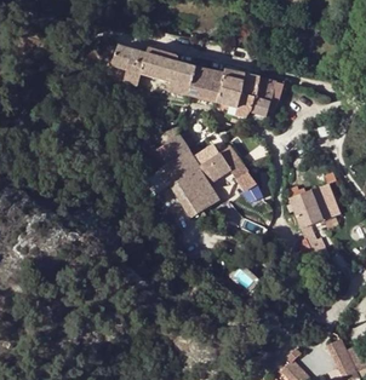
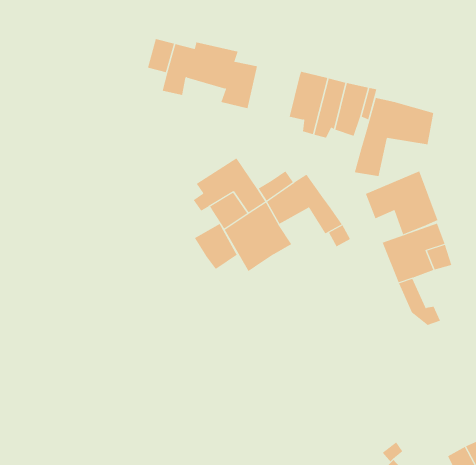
building: [187,65,224,103] -> none
building: none -> [354,97,434,177]
building: none -> [365,170,438,235]
building: none -> [194,223,237,270]

